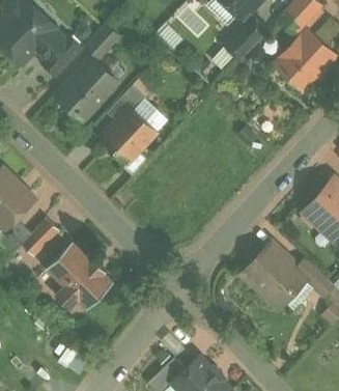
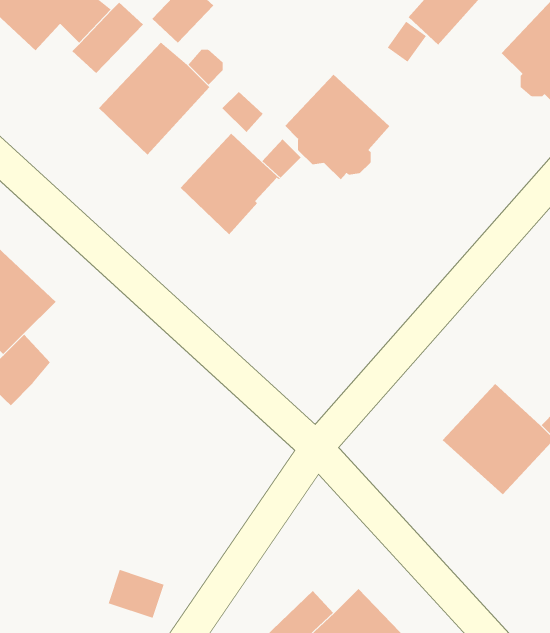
building: none -> [284,74,390,180]
building: [21,217,59,256] -> none
building: [45,241,113,309] -> none

